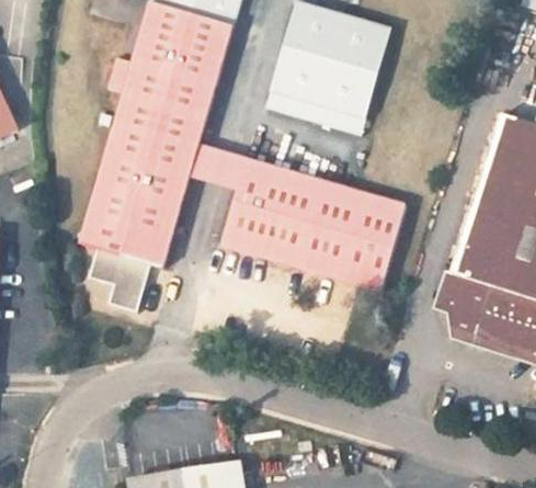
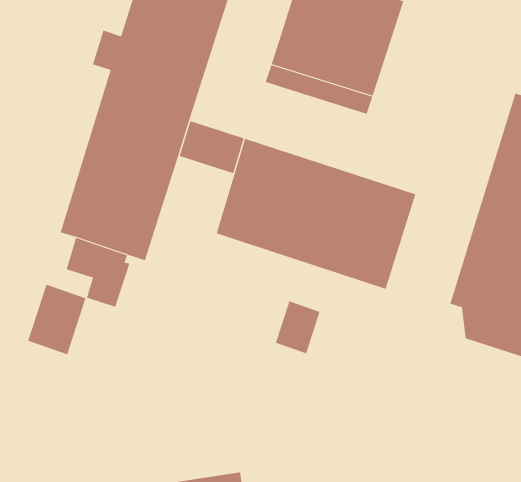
building: none -> [28,284,86,355]
building: none -> [275,301,320,354]

